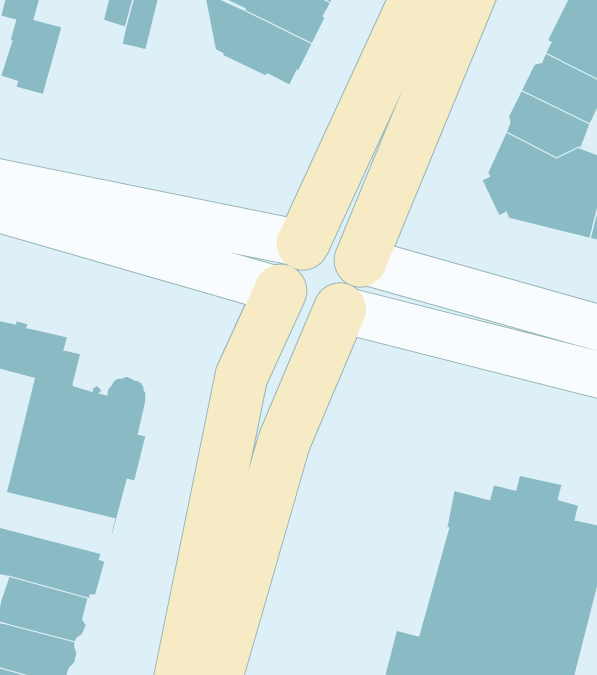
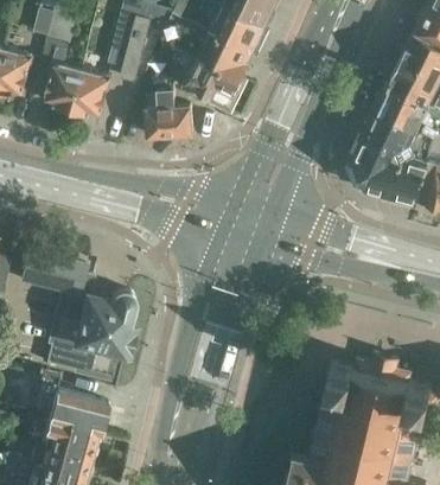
building: none -> [70,68,113,115]
building: none -> [145,78,192,138]

